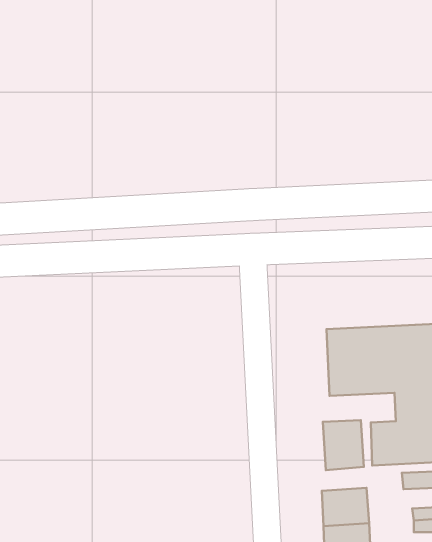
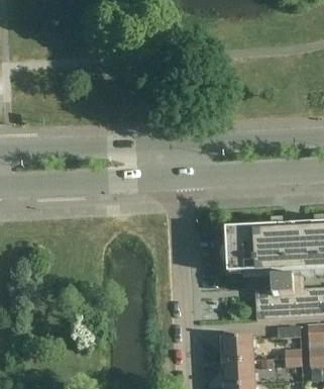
building: [323,420,364,470] -> none

